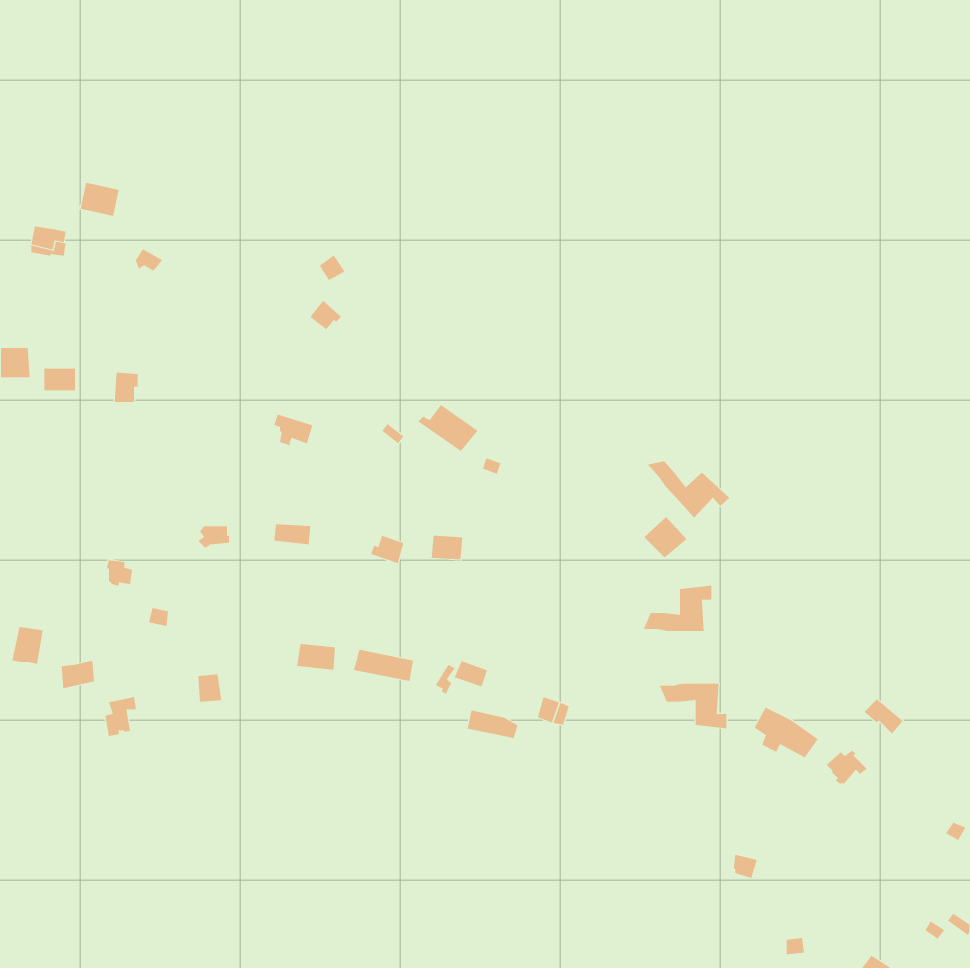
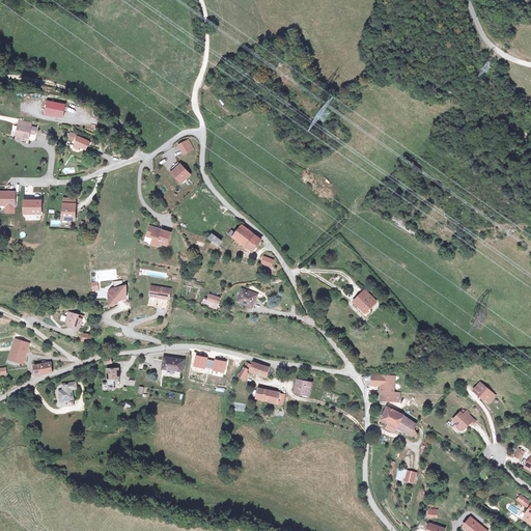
building: [647,461,730,518] -> none
building: [643,585,712,632] -> none
building: [754,707,818,758] -> [380,406,415,434]

